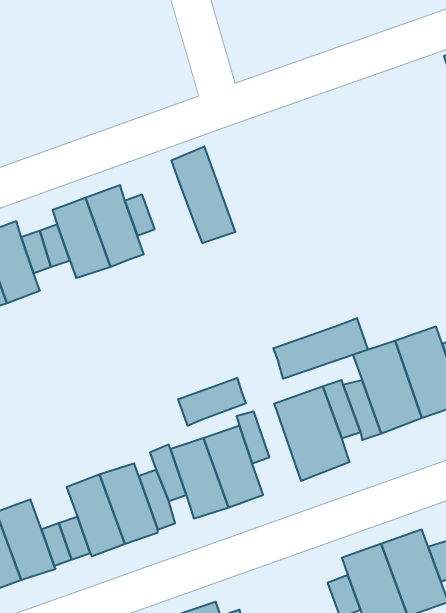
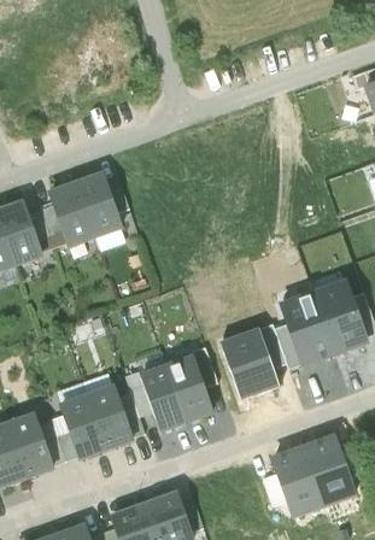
building: [171,146,235,243] -> none
building: [273,318,368,379] -> none
building: [178,378,246,426] -> none

